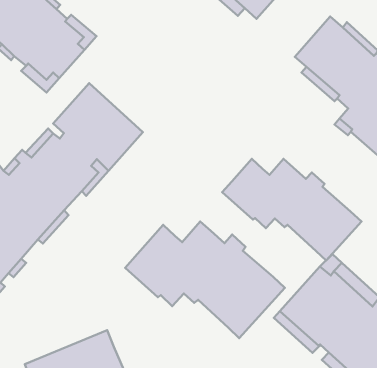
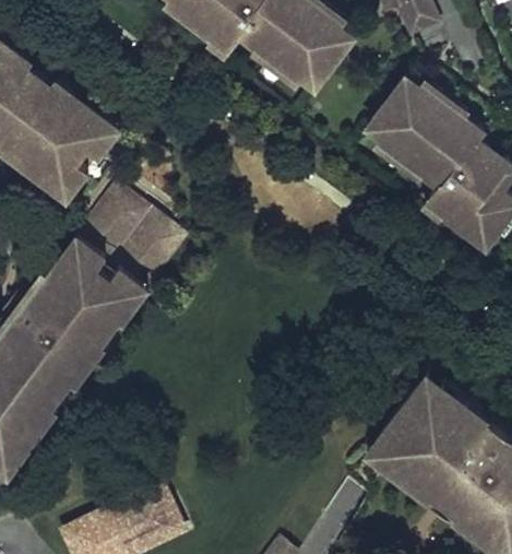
building: [222,159,362,261] -> none
building: [125,222,285,338] -> none

